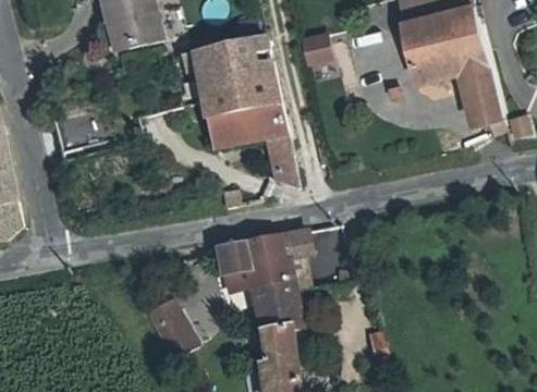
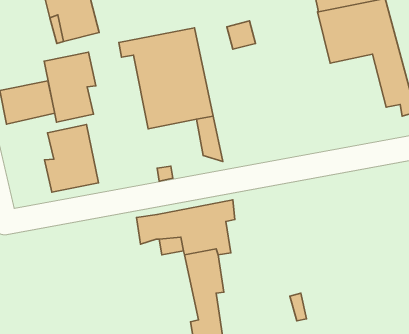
building: none -> [44,52,96,122]
building: none -> [45,125,98,192]
building: [149,299,198,357] -> none

